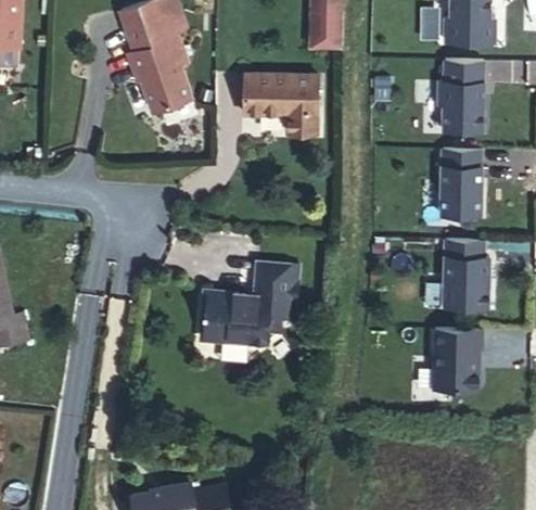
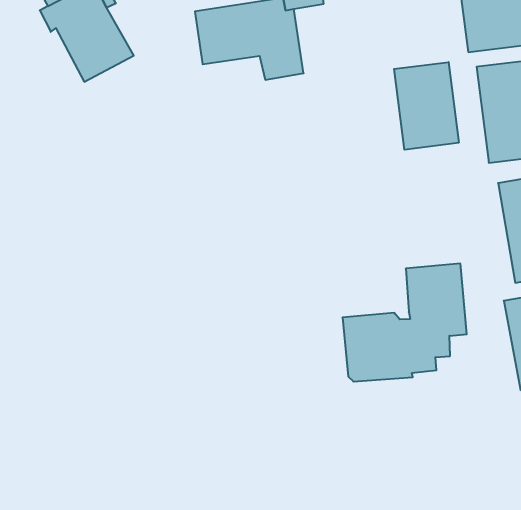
building: none -> [394,62,459,150]
building: [199,260,296,342] -> [342,264,467,382]

